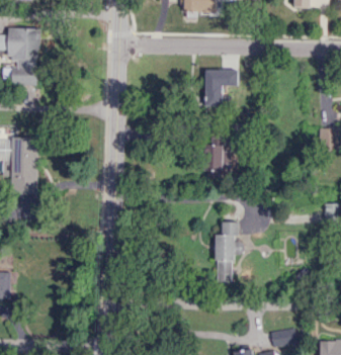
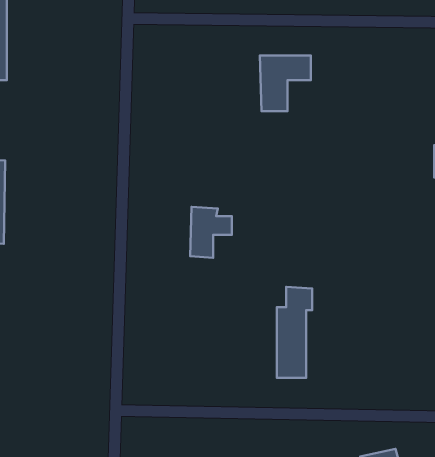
building: [205,145,233,178] -> [190,207,232,258]

